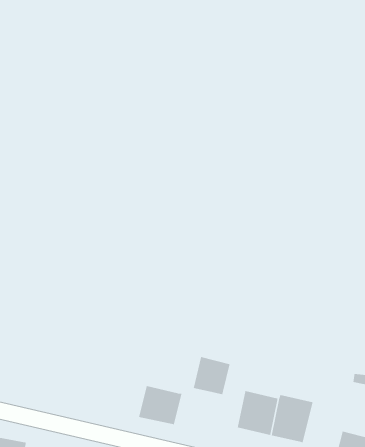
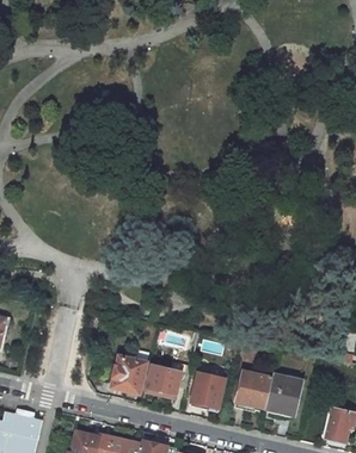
building: [193,356,230,395] -> [190,377,225,412]
building: none -> [109,353,149,396]

